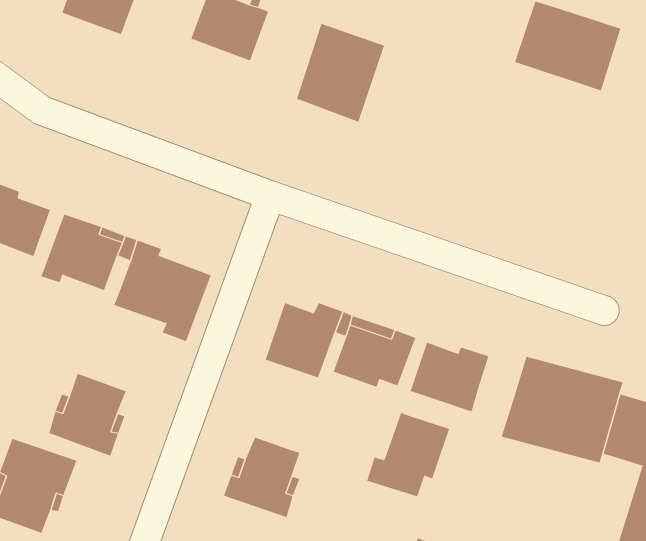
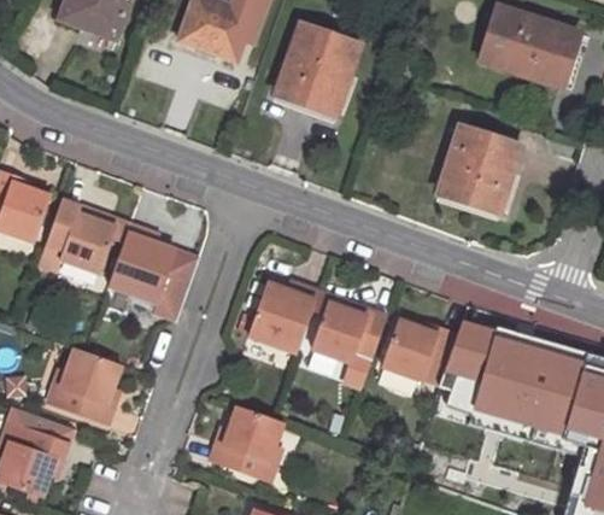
building: none -> [438,127,521,215]
building: none -> [446,314,493,373]
building: [366,412,450,497] -> none

